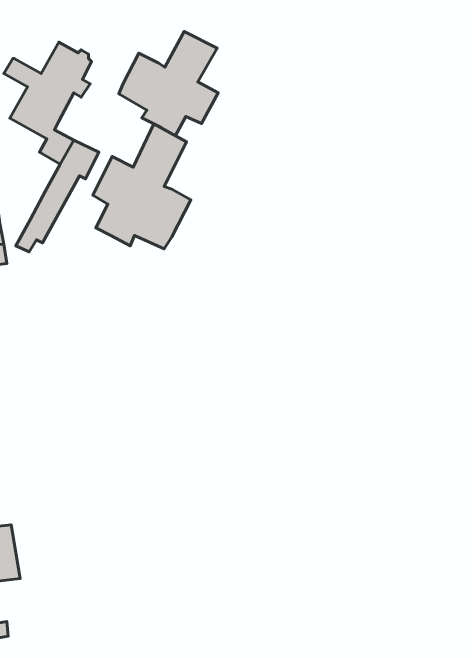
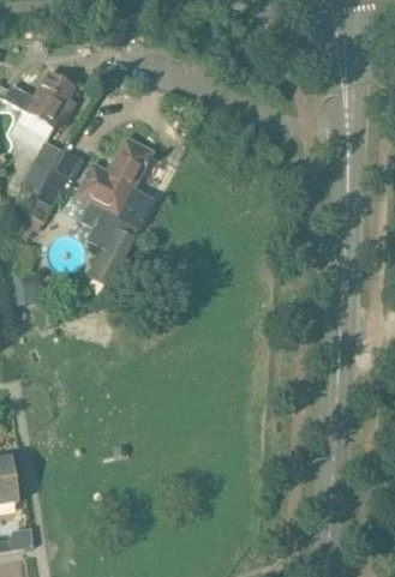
building: [119,32,218,135] -> none
building: none -> [85,226,134,288]

